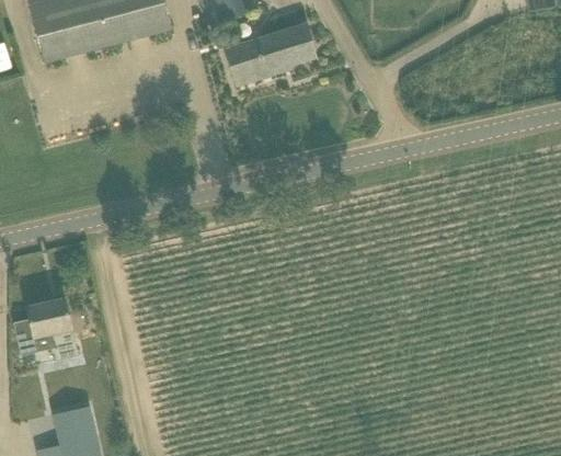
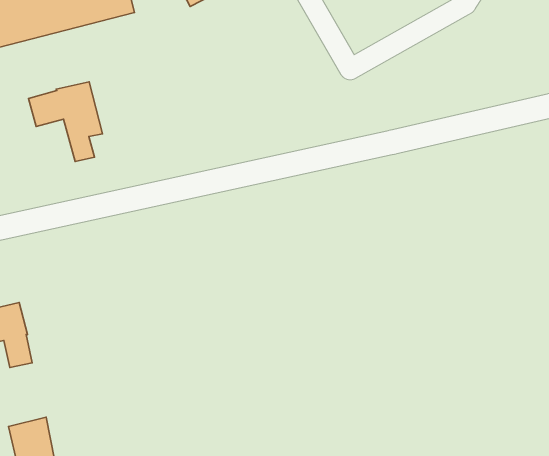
building: [225,23,313,83] -> none
building: none -> [29,82,102,162]

